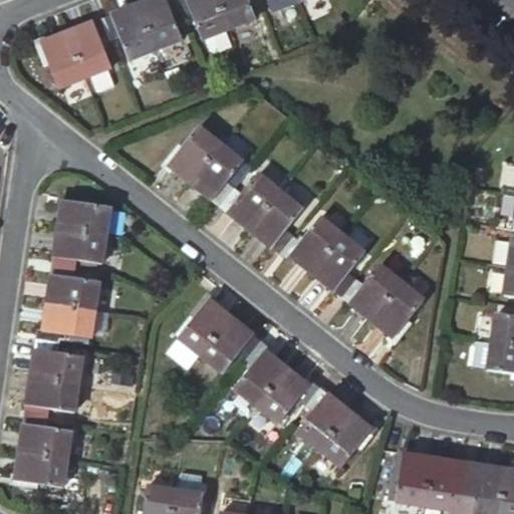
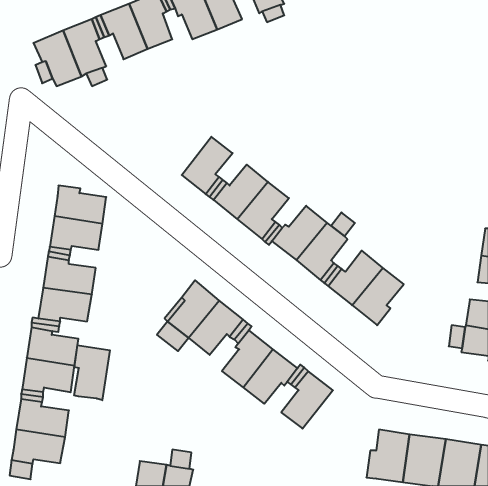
building: [166,125,223,184] -> none
building: none -> [74,345,110,400]
building: [318,410,375,467] -> none

